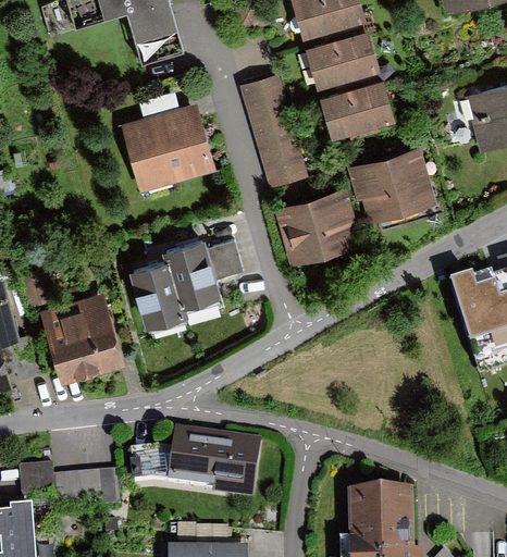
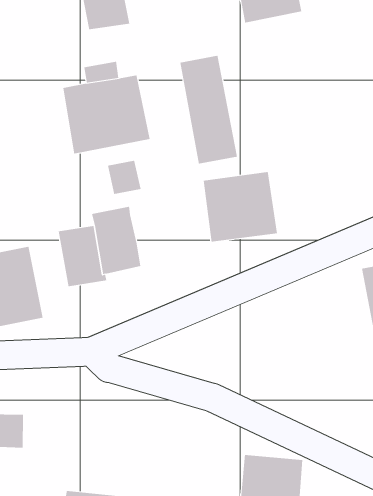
building: [307,33,376,89] -> none
building: [320,85,393,140] -> none
building: [348,151,436,228] -> none
building: [206,240,244,278] -> [107,160,141,195]
building: [132,422,260,492] -> none

